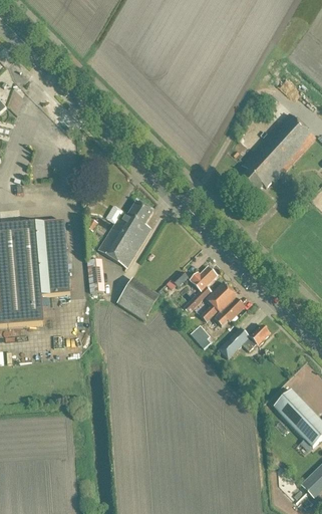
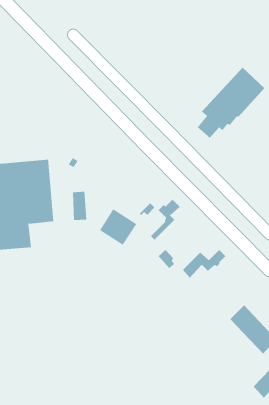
building: [100,200,153,267] -> none
building: [201,281,245,325] -> none

